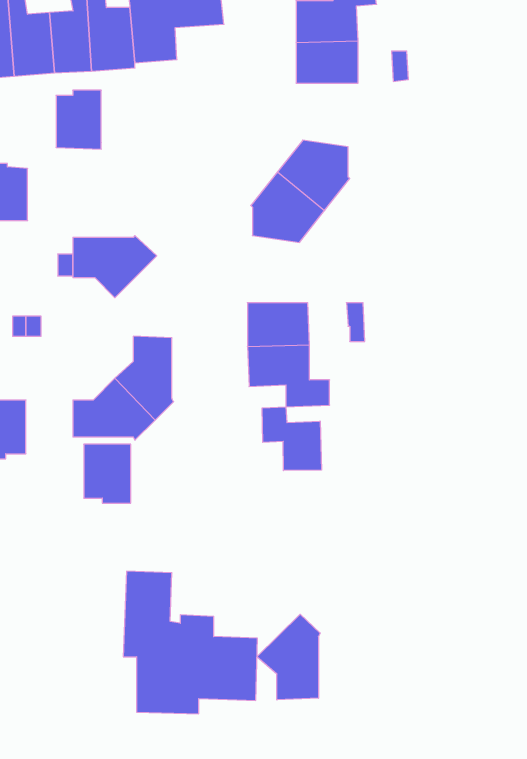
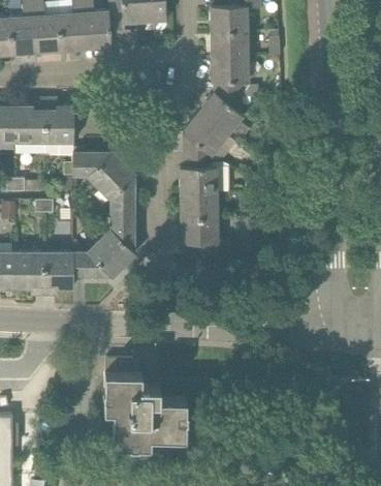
building: none -> [211,57,250,96]
building: [56,90,101,149] -> [45,107,73,143]
building: none -> [180,151,218,192]
building: none -> [99,163,135,214]
building: [262,407,321,471] -> none
building: [84,444,131,503] -> [44,252,73,288]
building: [257,614,320,700] -> none

